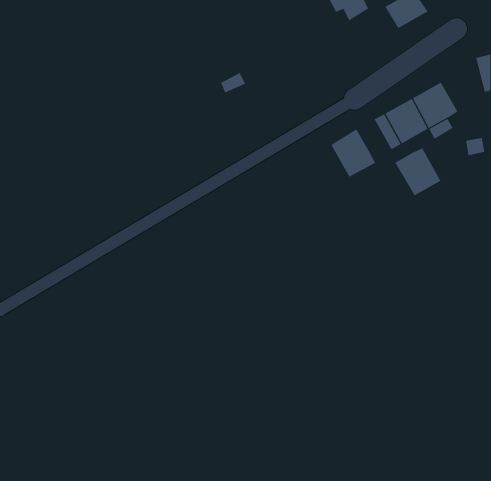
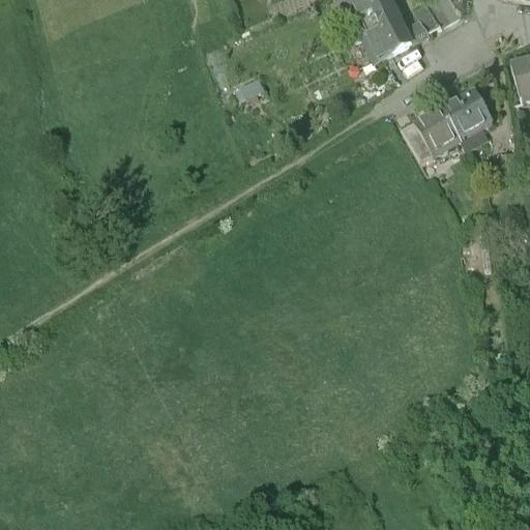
building: none -> [355,9,412,61]
building: [331,129,376,178] -> none
building: [395,147,441,196] -> none

